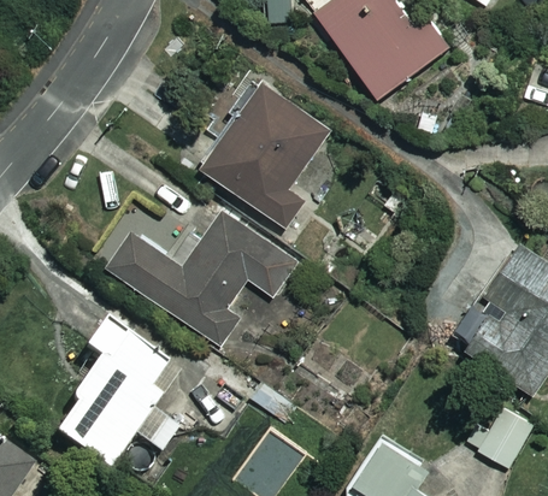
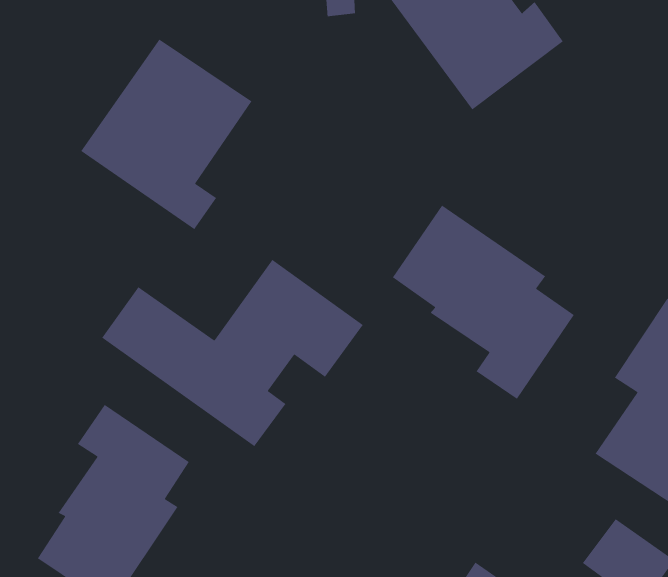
building: [201,82,330,225] -> [80,38,253,230]
building: none -> [392,204,575,400]

